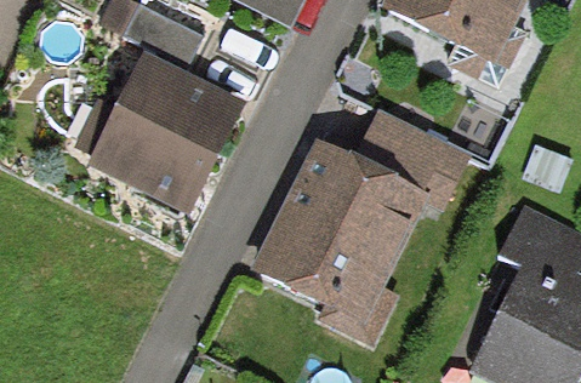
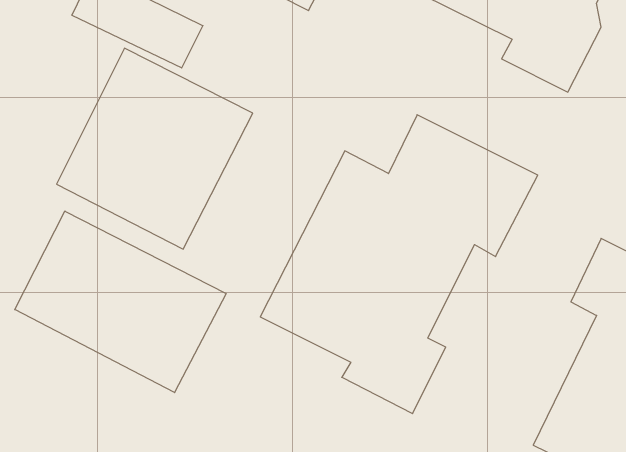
building: none -> [15,211,226,393]

